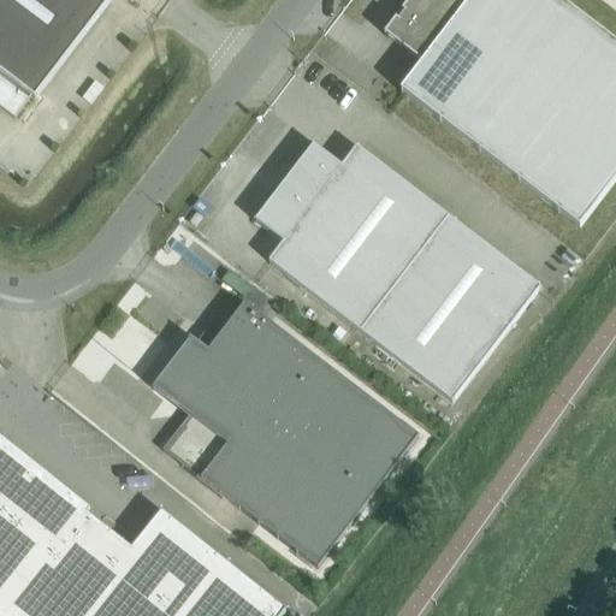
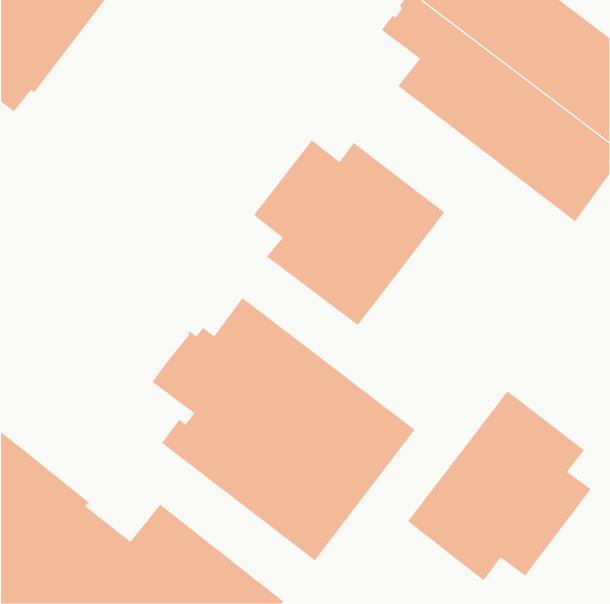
building: [361,214,540,399] -> none
building: none -> [407,390,592,581]

